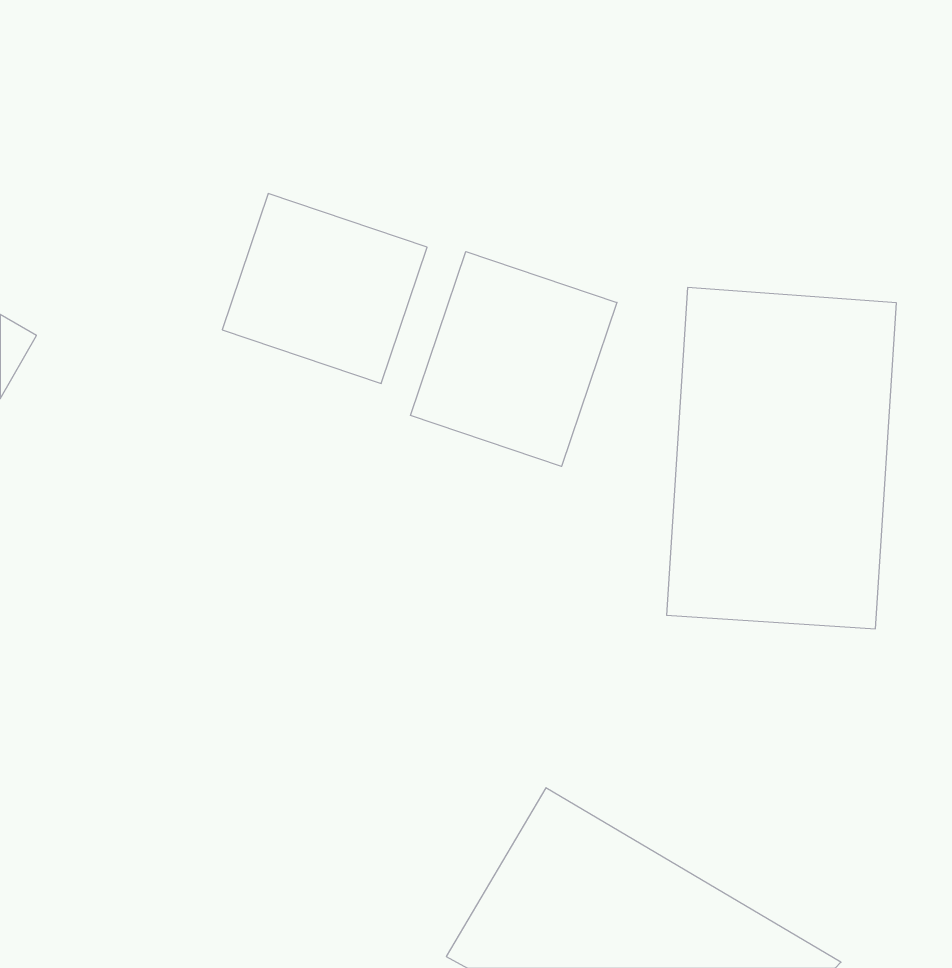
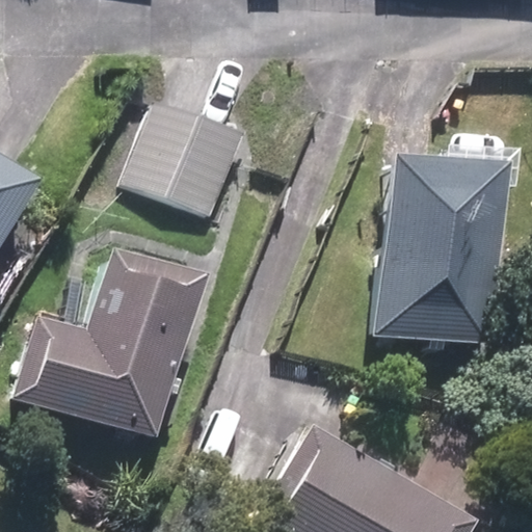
building: [411,252,617,466] -> none
building: none -> [24,254,202,431]

